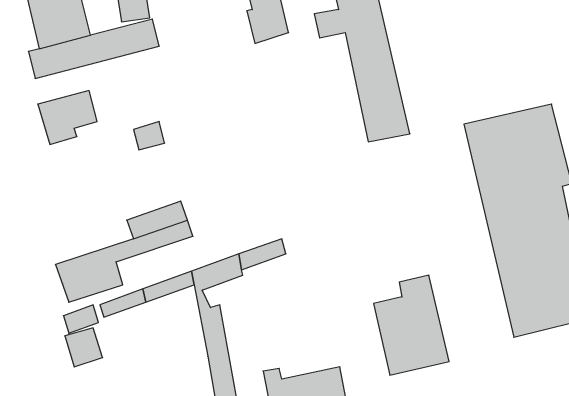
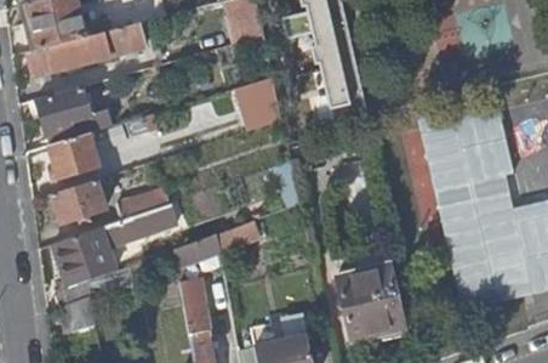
building: none -> [232,75,282,131]
building: none -> [48,132,97,177]
building: none -> [51,178,107,222]

